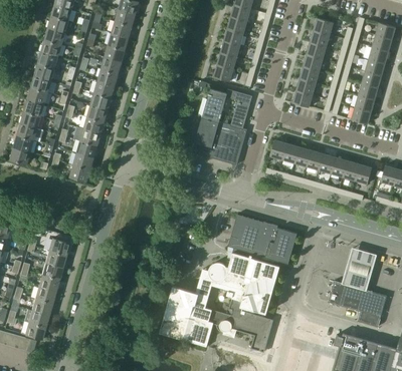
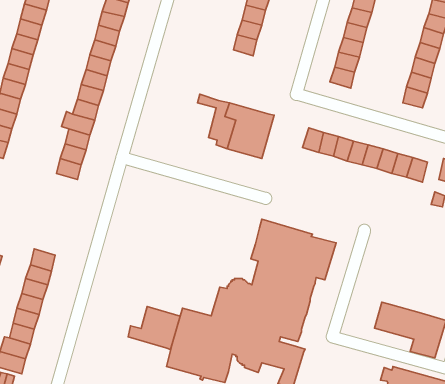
building: [202,89,252,129] -> none
building: [342,248,377,291] -> none
building: none -> [128,306,180,349]

